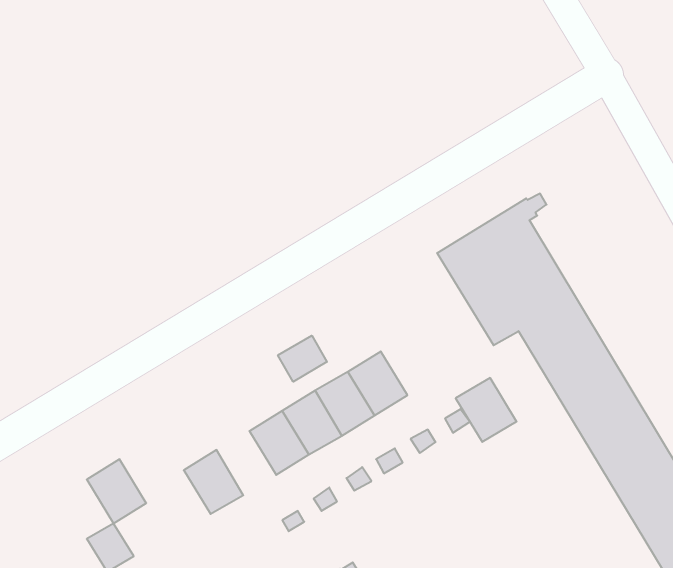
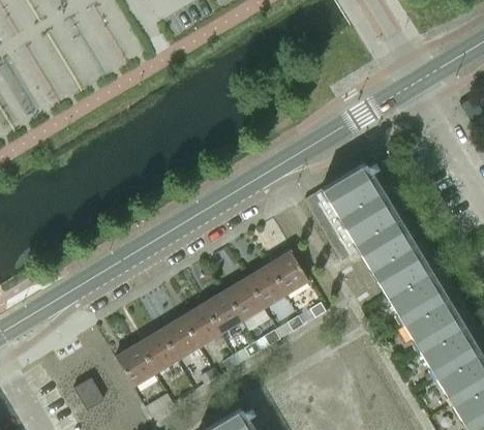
building: [278,336,327,382] -> none
building: [456,378,517,442] -> [271,250,311,293]
building: none -> [162,316,202,359]
building: [87,459,146,523] -> [119,342,158,385]

